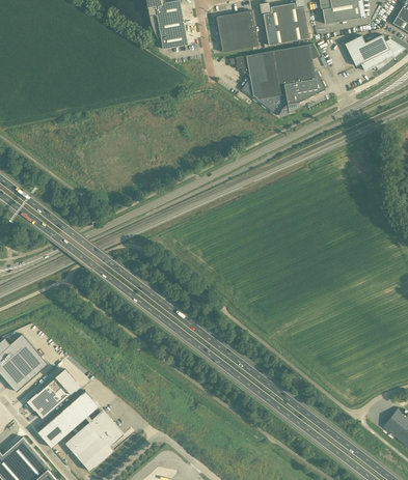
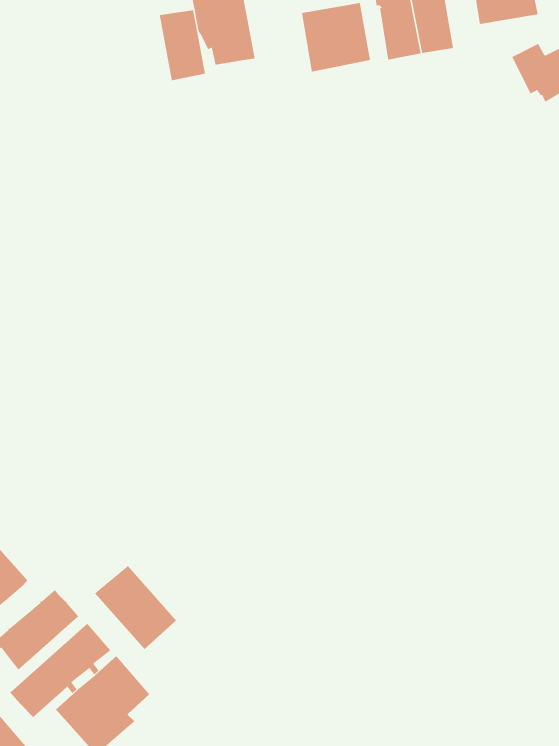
building: none -> [159,10,205,81]
building: [235,44,326,116] -> none
building: none -> [94,565,177,650]

